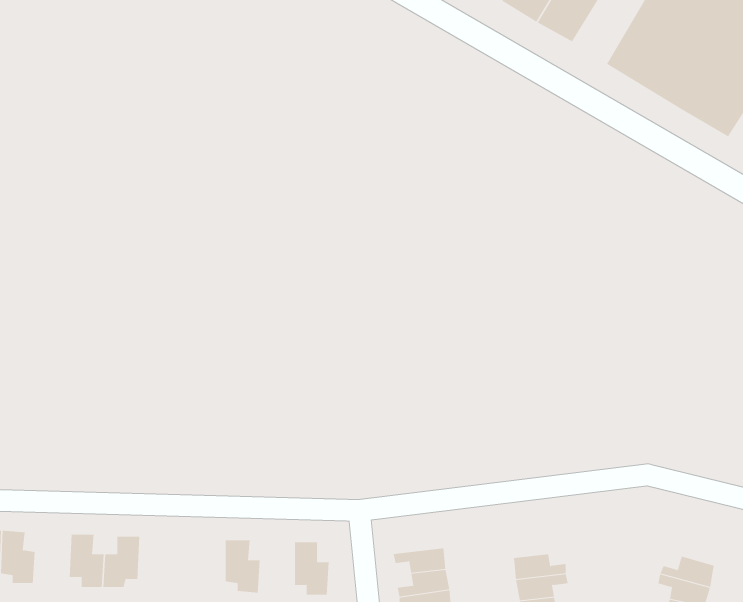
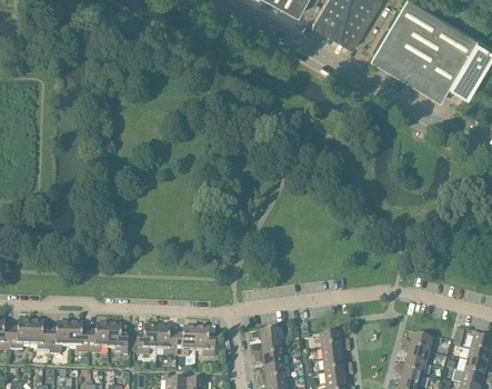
building: none -> [48,321,69,353]
building: none -> [107,323,127,353]
building: none -> [134,325,155,355]
building: none -> [174,326,194,356]

